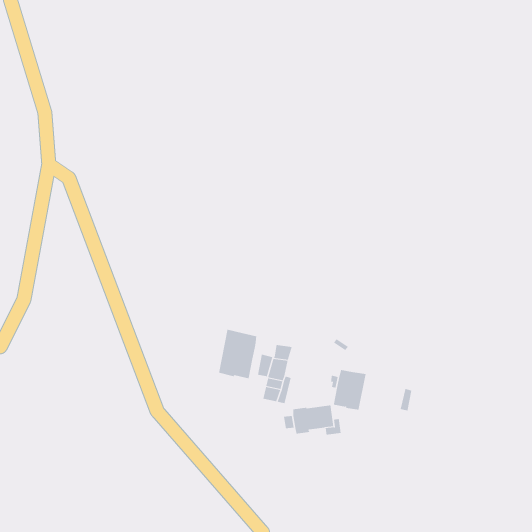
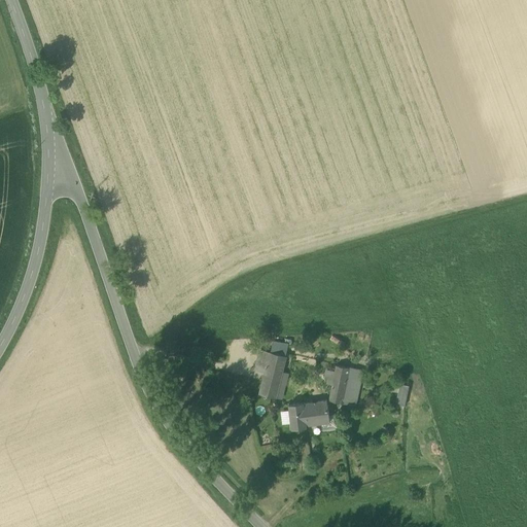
building: [219,329,257,379] -> none

